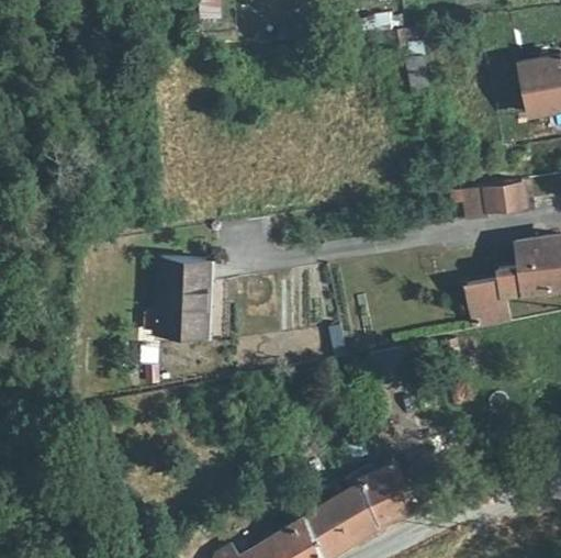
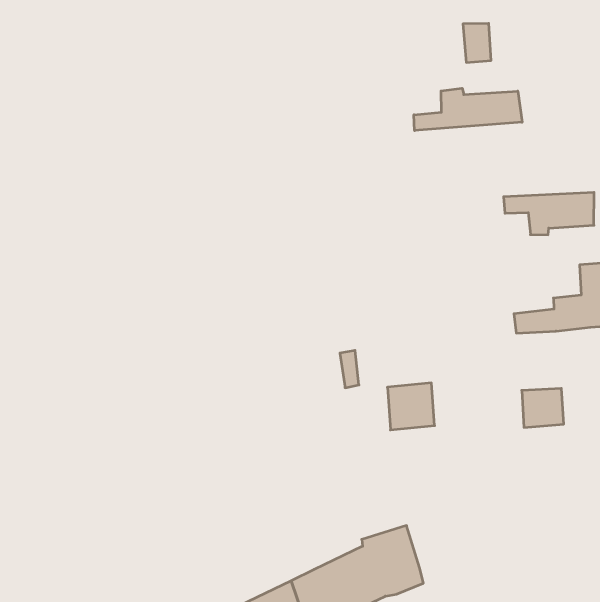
building: none -> [414,88,522,131]
building: [157,260,207,335] -> none
building: [469,297,505,331] -> [522,388,564,427]

